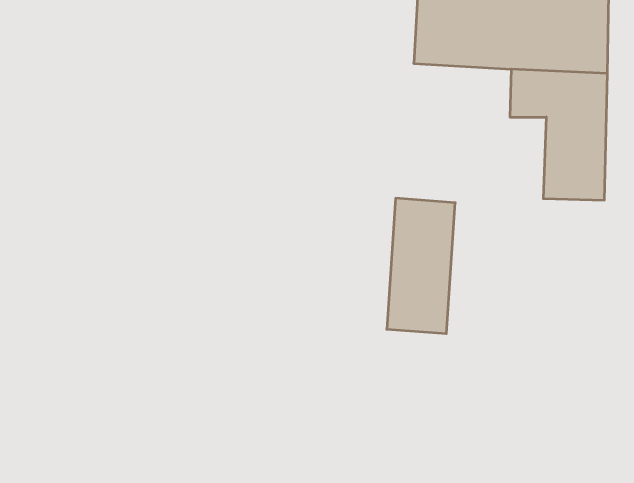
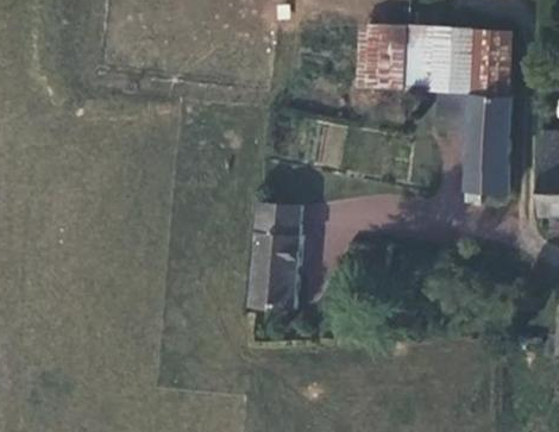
building: [387,198,455,334] -> [247,201,303,312]

